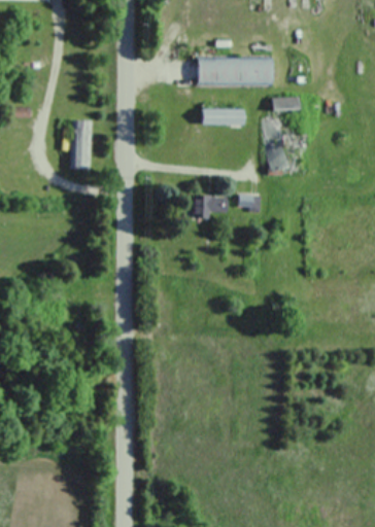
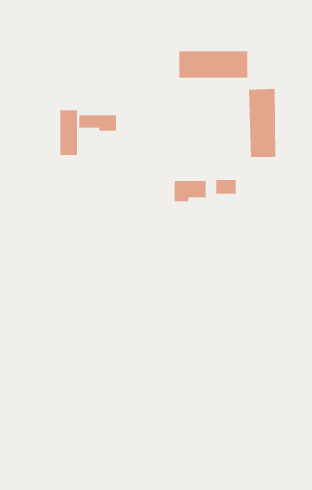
building: [200,108,242,124] -> none
building: none -> [79,115,117,132]

